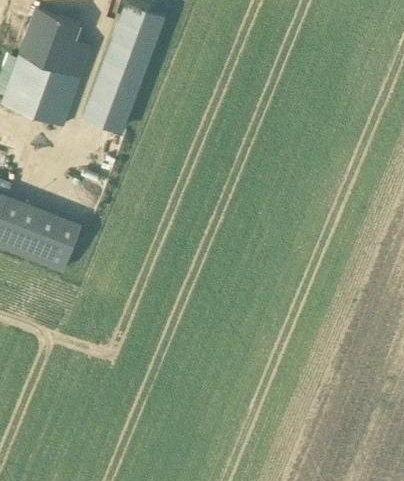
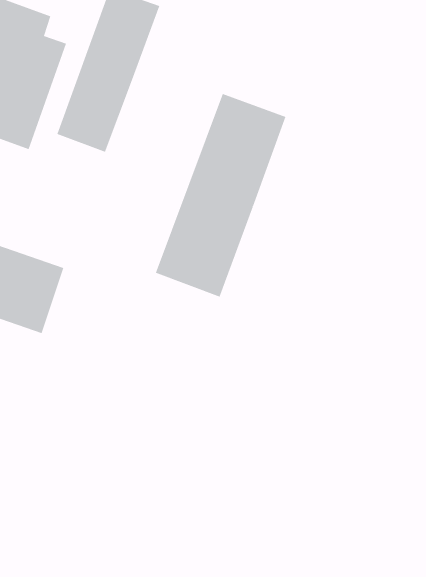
building: none -> [155,93,286,298]

